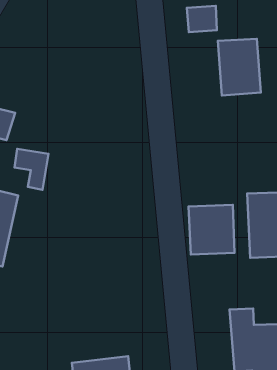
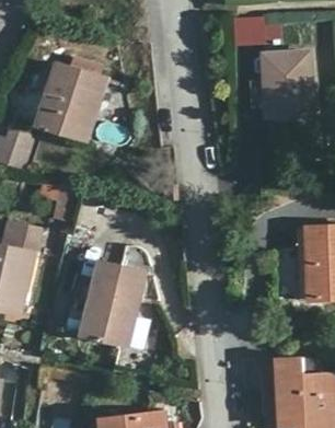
building: none -> [38,63,105,139]
building: [188,205,235,254] -> none
building: none -> [81,259,143,345]

